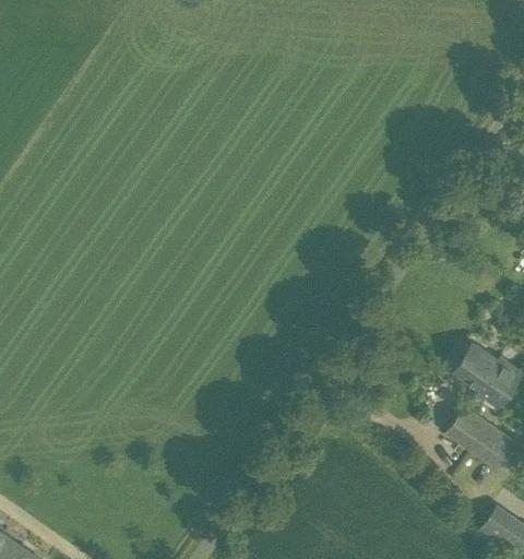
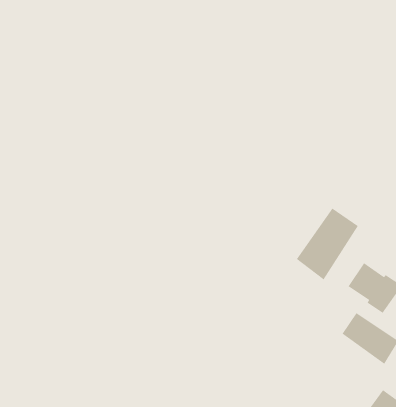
building: none -> [296,207,359,280]

